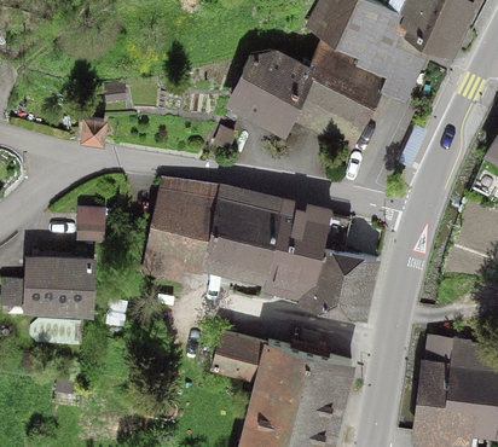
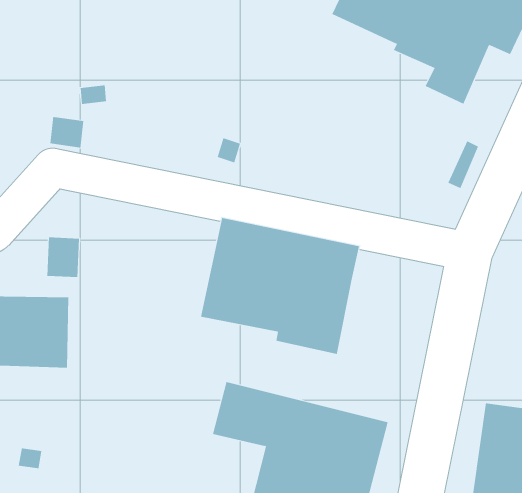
building: [228,37,388,152] -> none
building: [143,180,218,278] -> none
building: [309,242,380,318] -> none

